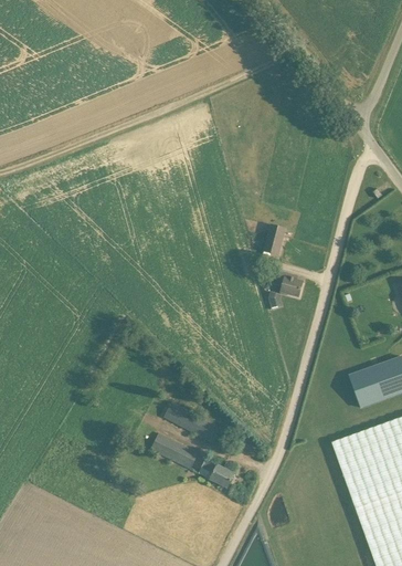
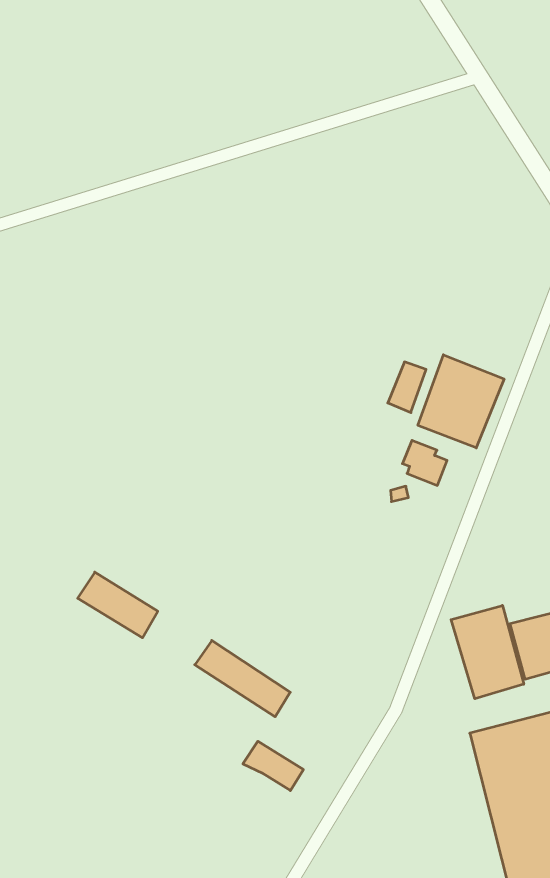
building: none -> [418,355,504,448]
building: none -> [451,605,524,699]
building: [149,432,198,469] -> [78,572,158,638]

